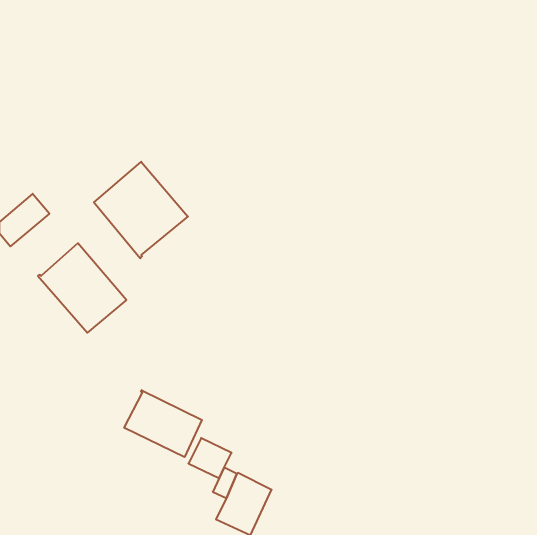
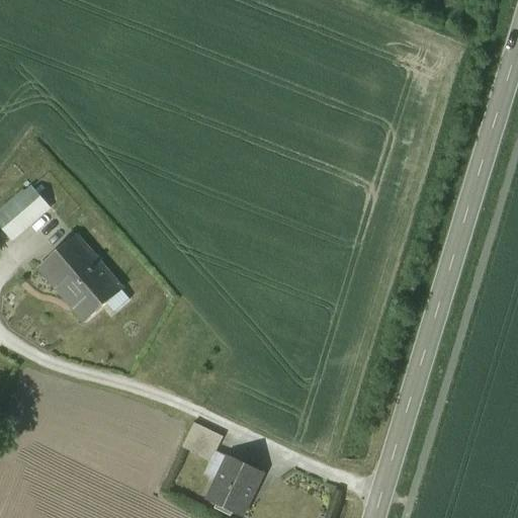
building: [94,162,188,258] -> none
building: [124,390,202,457] -> none

